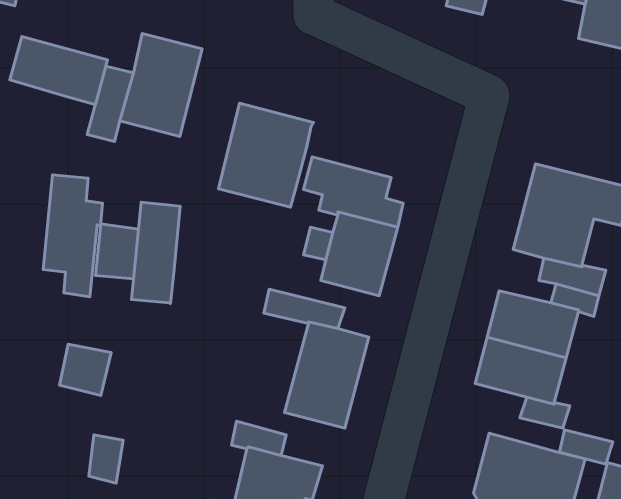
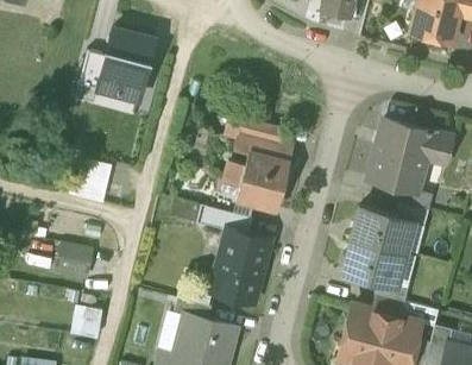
building: [10,36,108,105] -> none
building: [219,103,313,207] -> none
building: [43,175,103,297] -> none
building: [132,202,180,303] -> none

